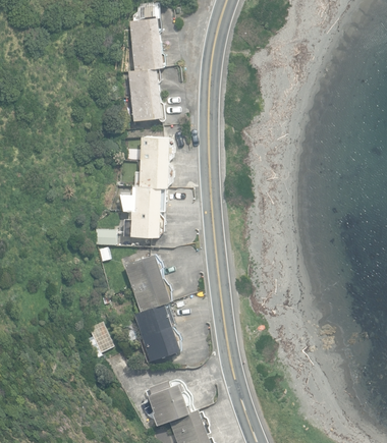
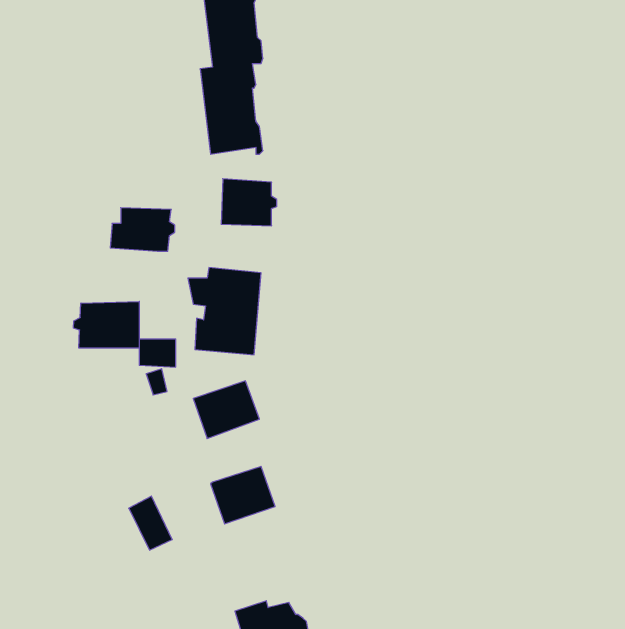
building: [139,163,176,188] -> [110,208,175,251]
building: none -> [73,301,139,348]
building: [132,277,175,314] -> none
building: [147,328,184,362] -> none

